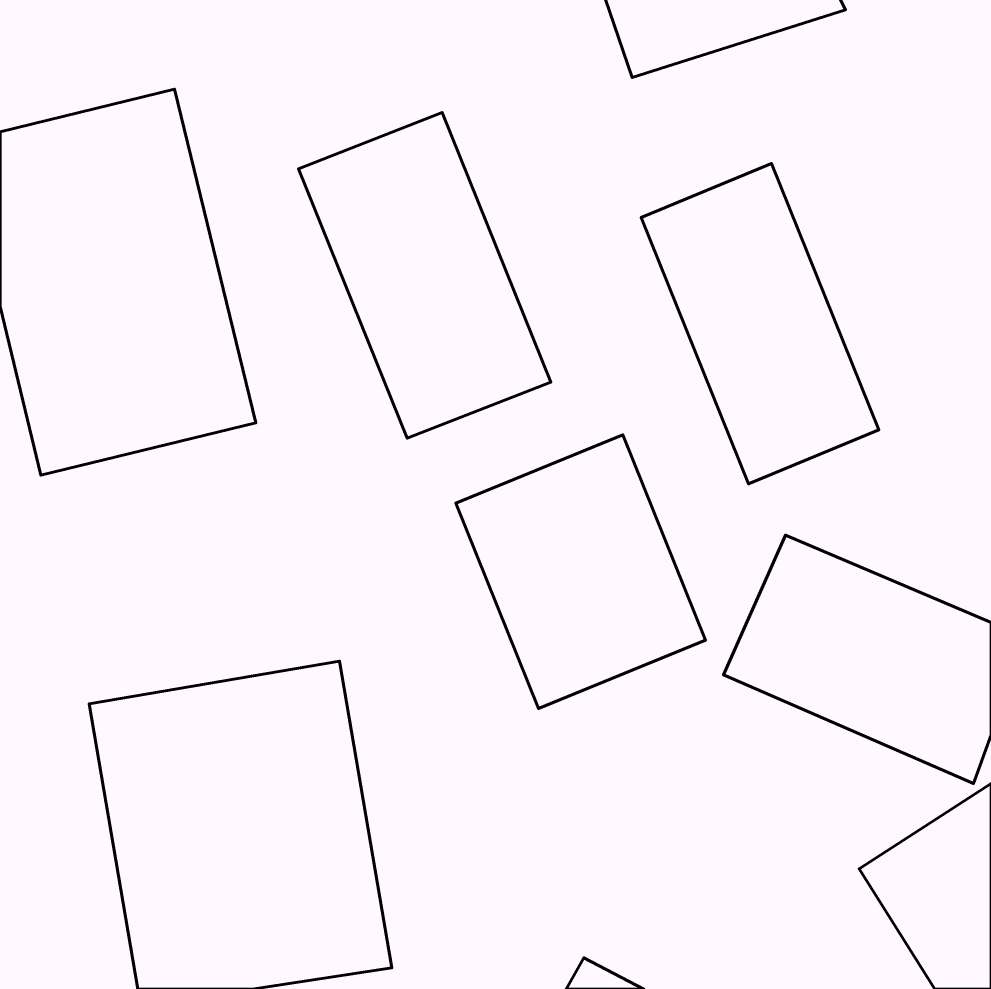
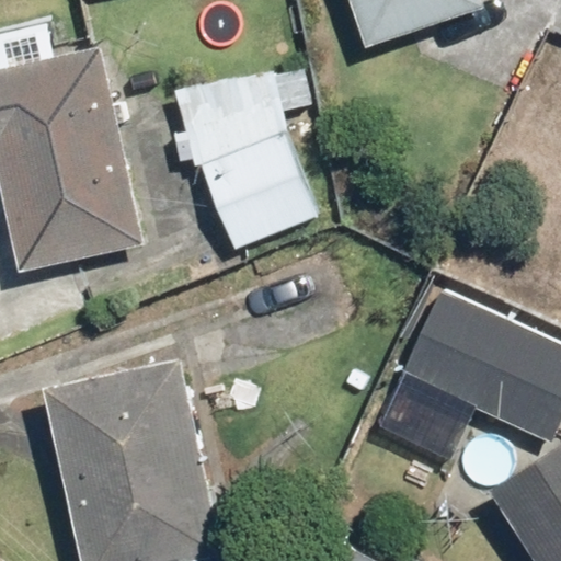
building: [641,163,879,484] -> none
building: [456,435,706,709] -> none

